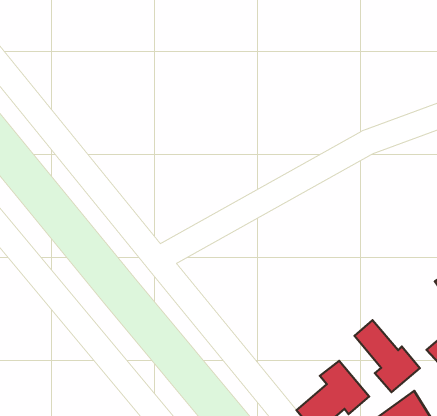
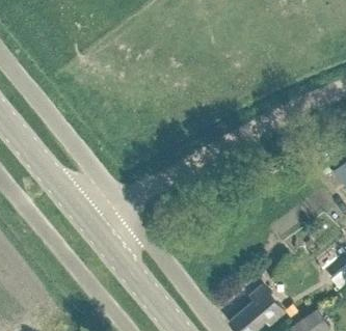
building: [355,320,420,392] -> none

